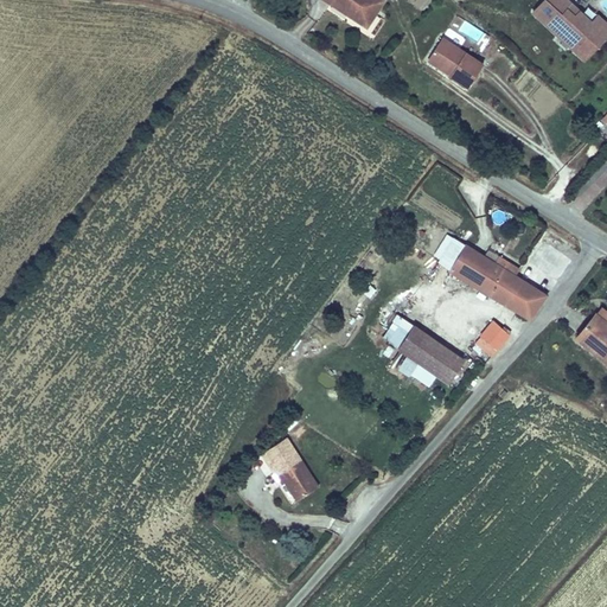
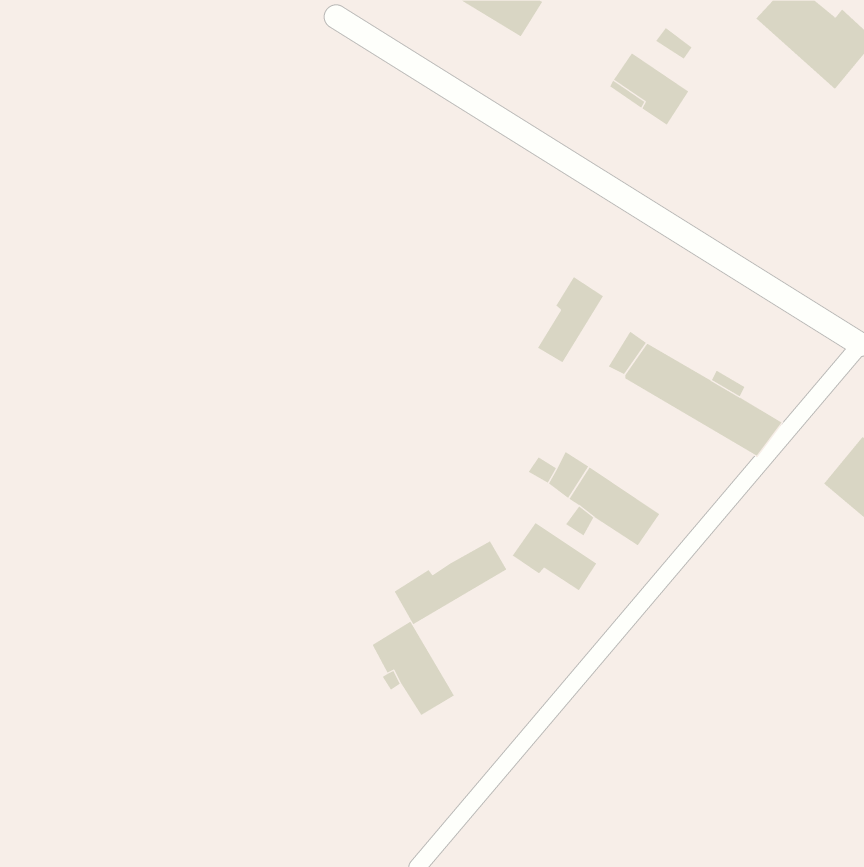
building: none -> [537,276,604,363]
building: [477,322,507,358] -> none
building: none -> [512,522,597,591]
building: none -> [394,540,507,625]

